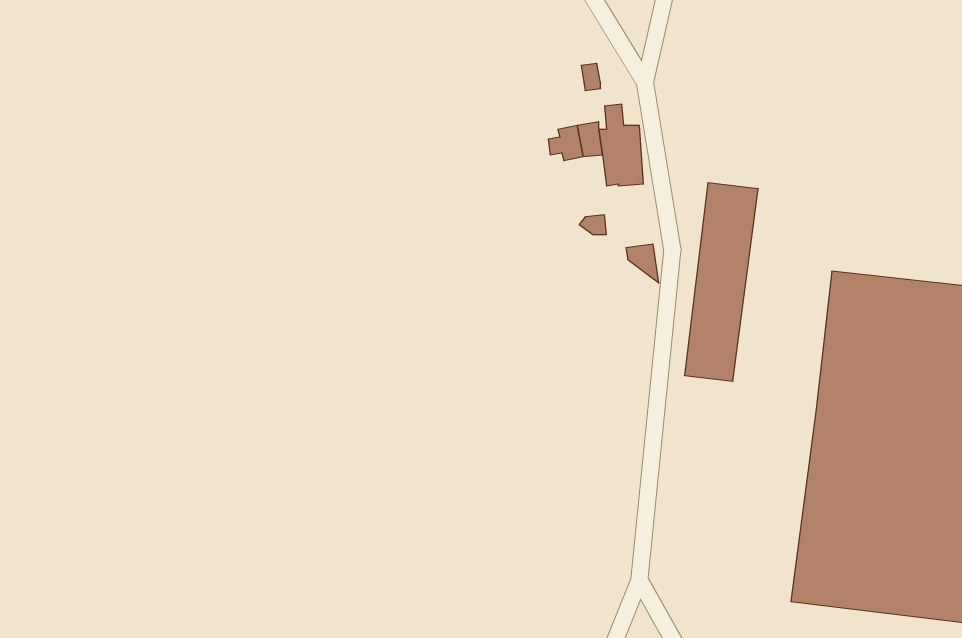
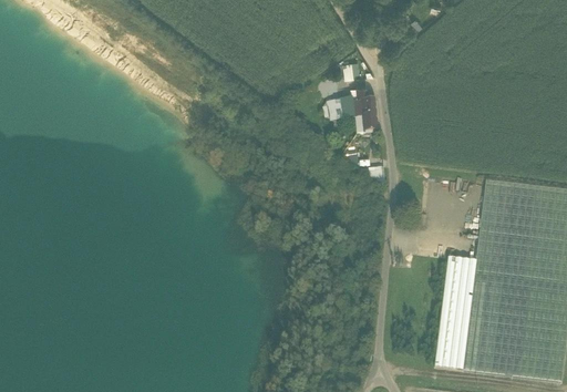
building: [684,183,758,381] -> [435,255,477,368]

